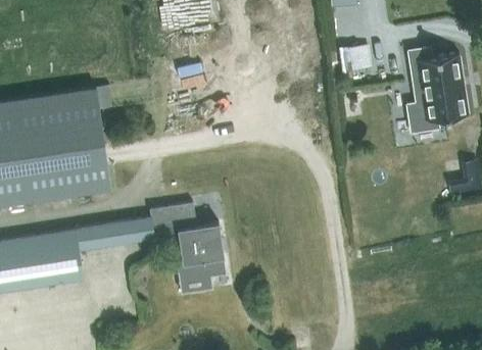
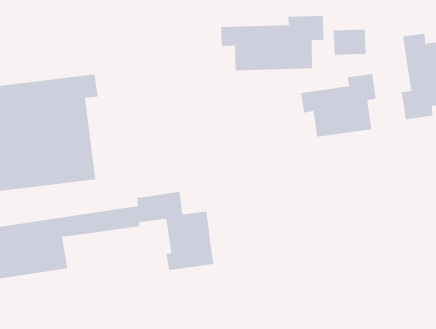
building: none -> [221,15,324,71]
building: none -> [300,73,376,138]

